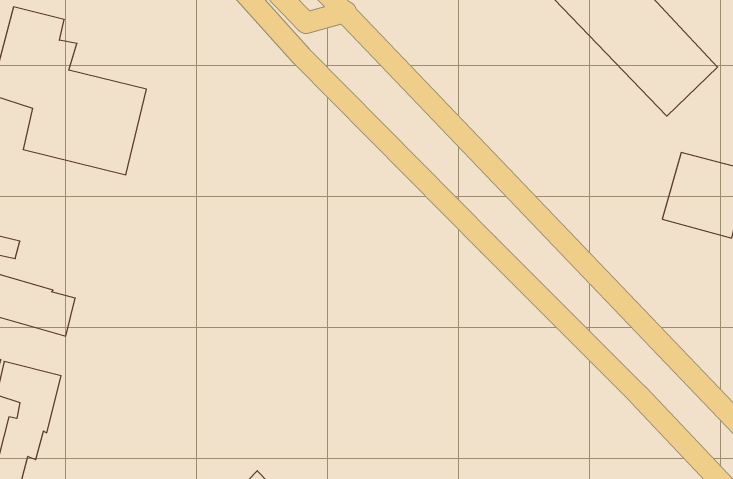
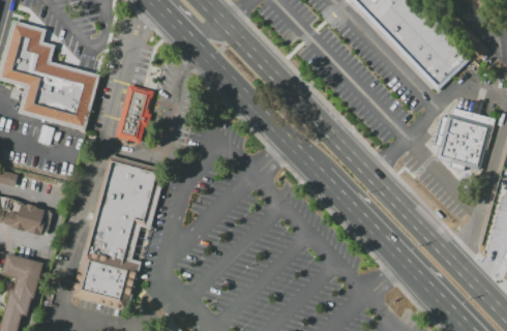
building: none -> [115,86,152,143]
building: none -> [70,155,165,313]

